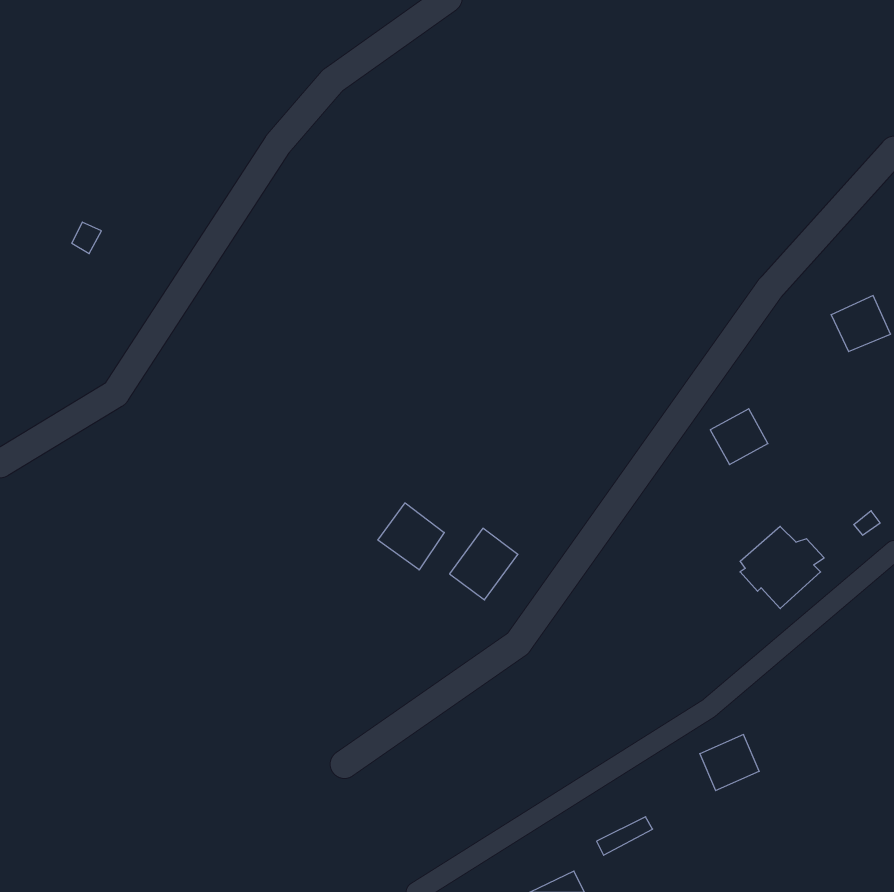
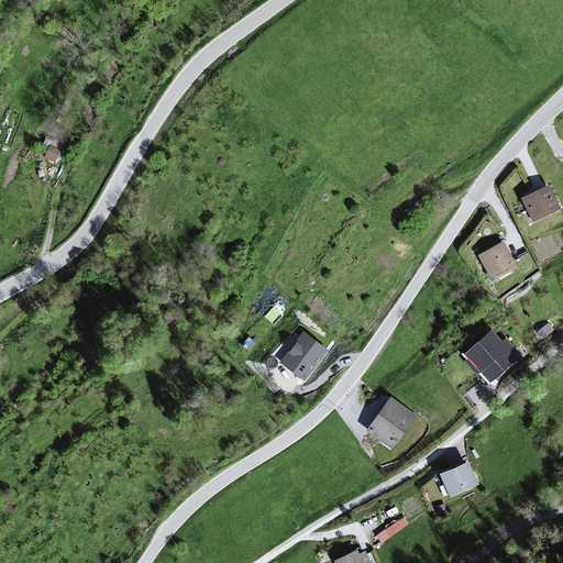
building: [710,409,768,465] -> [478,242,515,277]
building: [378,503,444,570] -> none
building: none -> [365,397,417,450]

